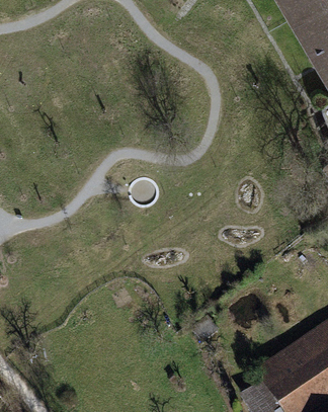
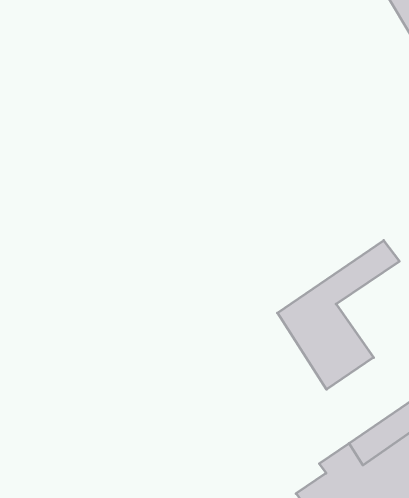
building: none -> [277,240,399,389]

